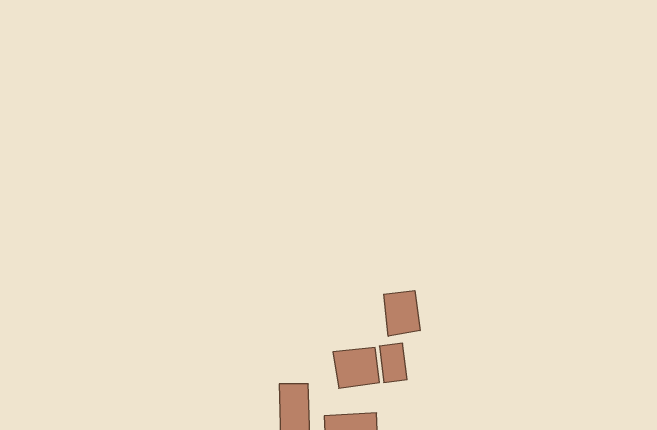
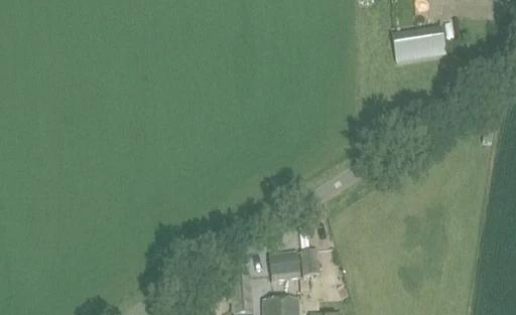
building: none -> [392,27,444,62]
building: [384,291,420,336] -> none

